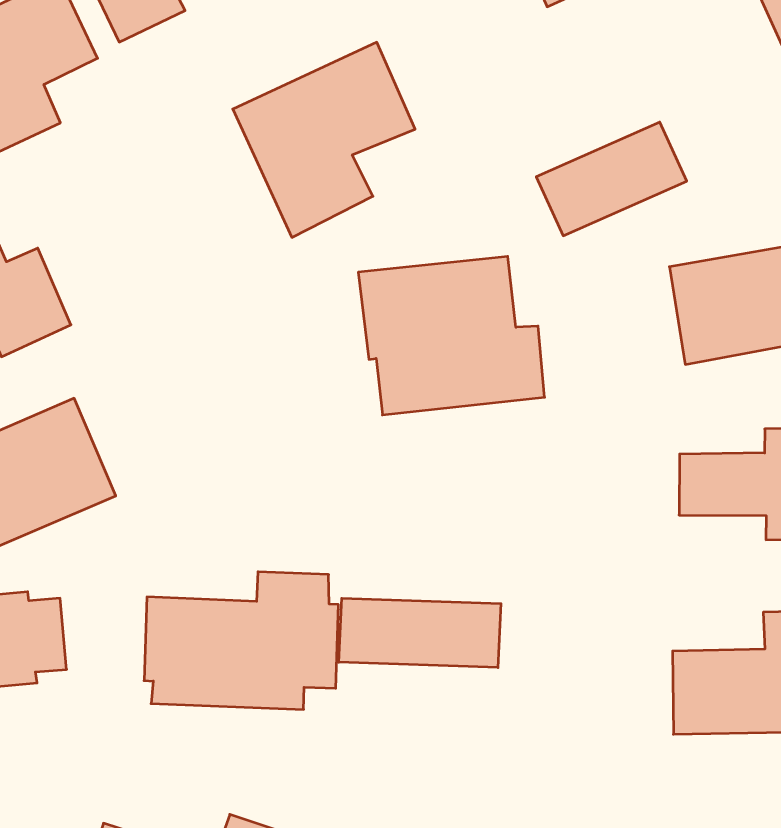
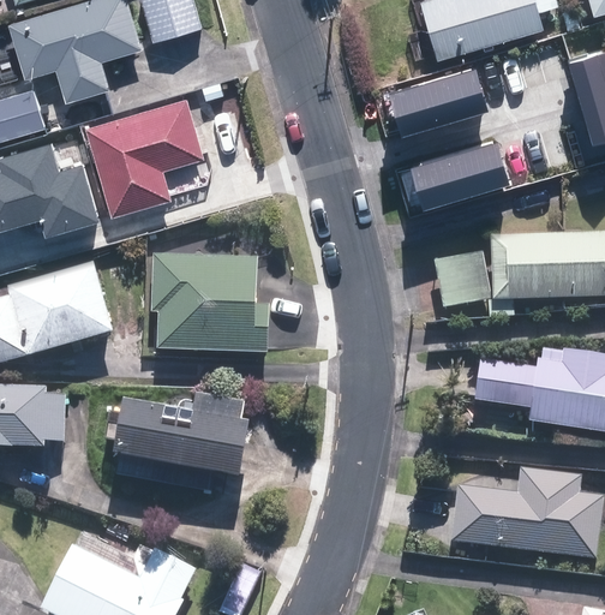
building: none -> [393,68,489,133]
building: [233,42,415,237] -> [88,97,204,216]
building: [358,256,545,415] -> [152,253,265,352]
building: none -> [433,252,487,306]
building: [339,598,501,668] -> none

